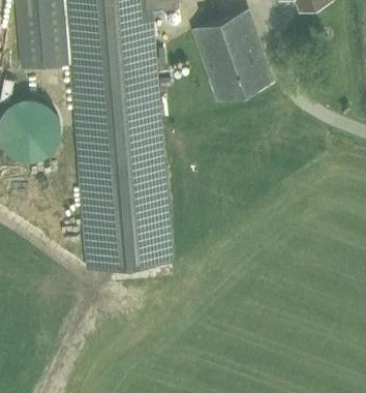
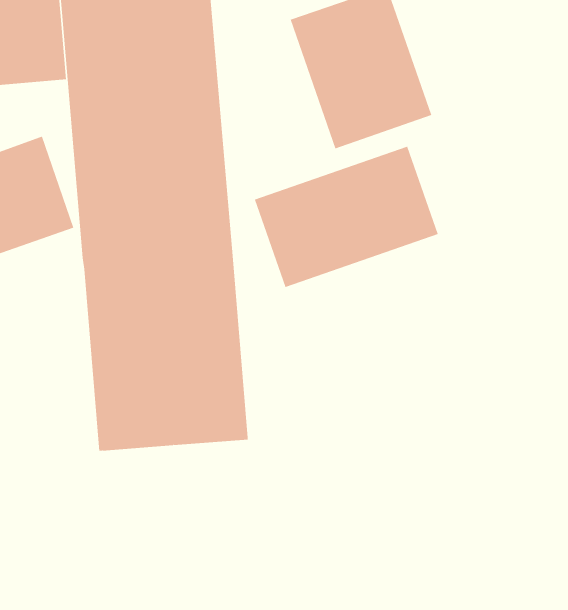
building: none -> [254,146,438,288]

